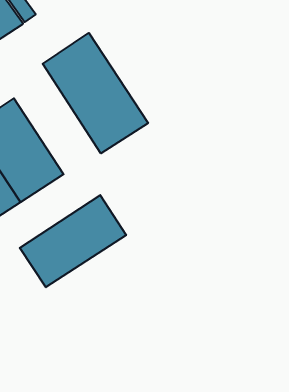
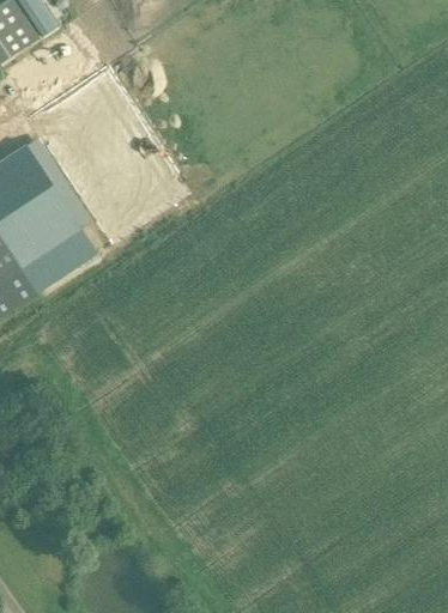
building: [43,33,148,153] -> none
building: [20,195,126,287] -> none

